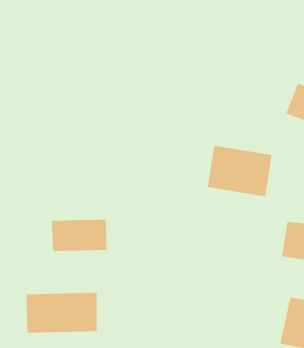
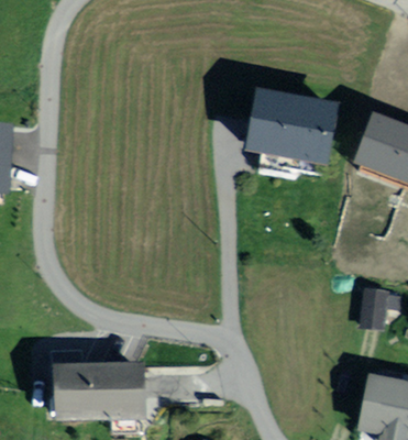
building: [207,145,272,197] -> [256,102,332,163]
building: [51,219,107,252] -> none

